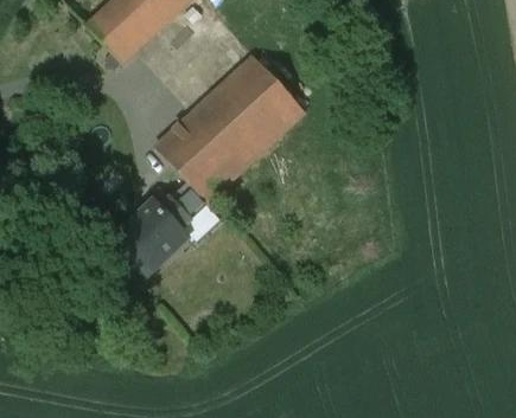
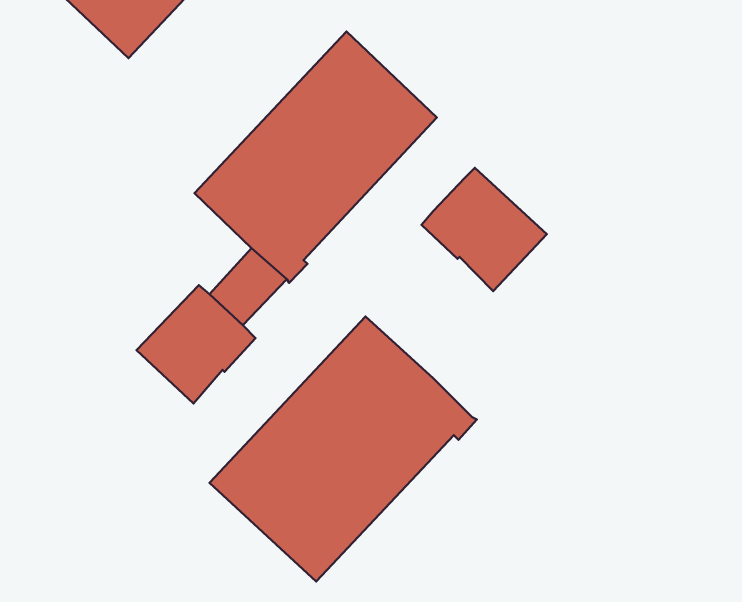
building: none -> [421,168,547,291]
building: none -> [210,316,477,581]

